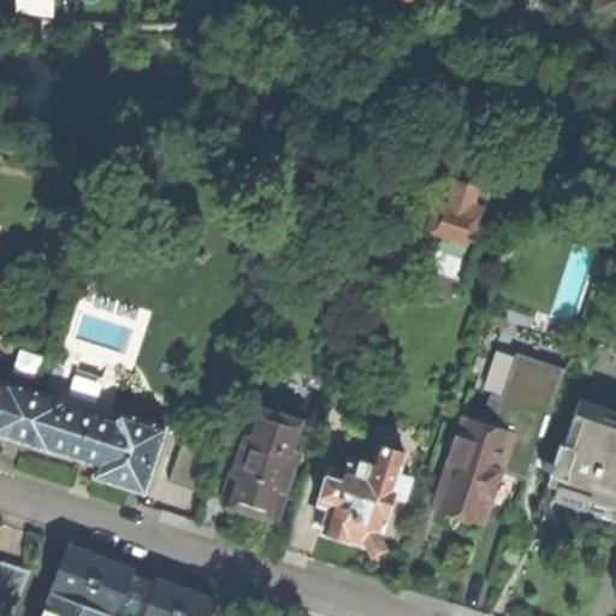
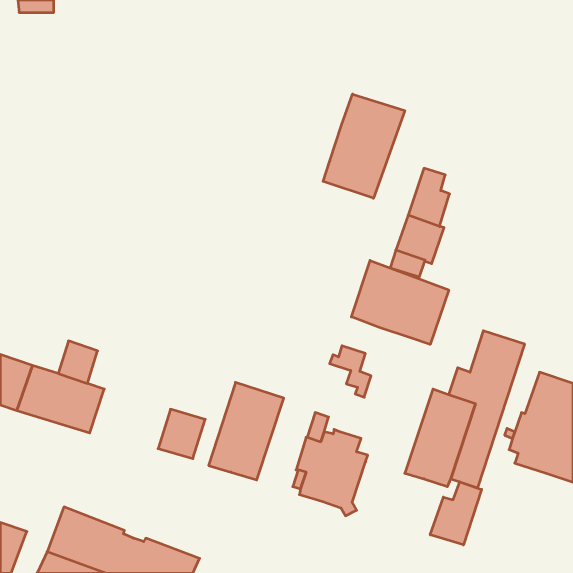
building: none -> [323,94,405,198]
building: none -> [351,260,449,344]
building: [93,413,165,492] -> none
building: [365,444,409,499] -> [330,346,371,397]
building: none -> [430,482,482,545]

